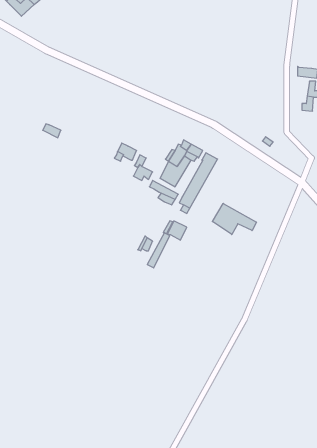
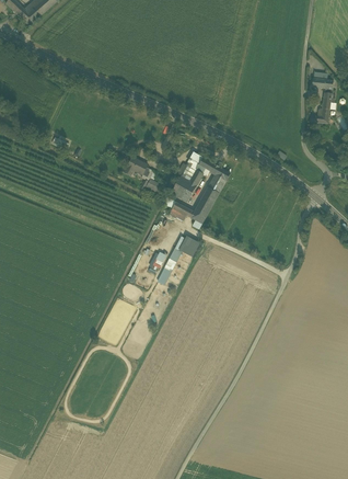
building: [212,203,256,235] -> none

